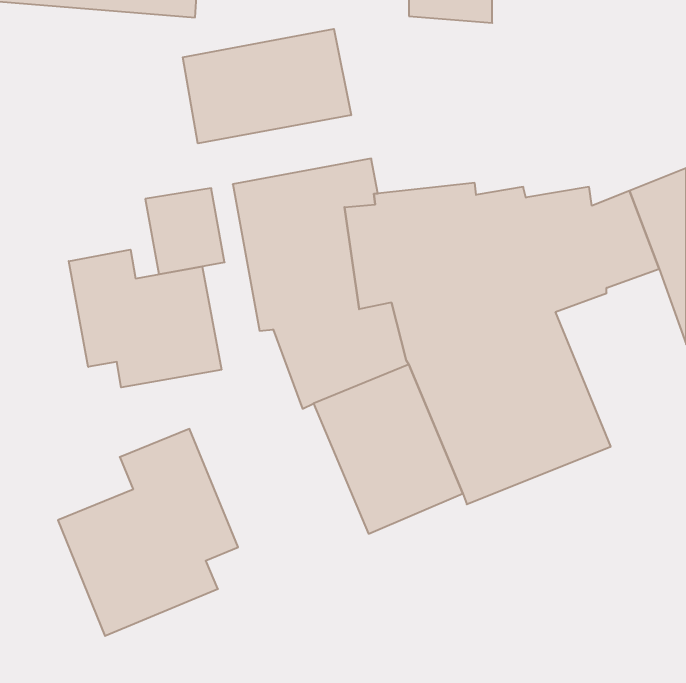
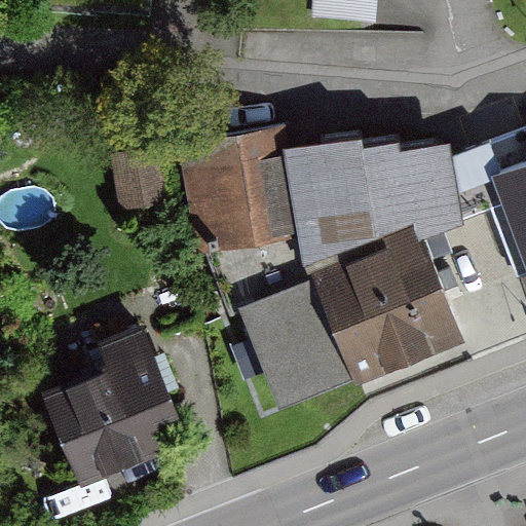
building: [183,29,351,143] -> none
building: [69,250,221,387] -> none

